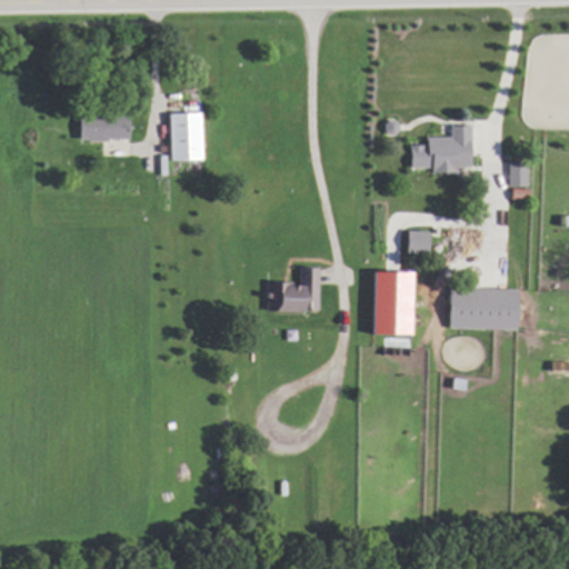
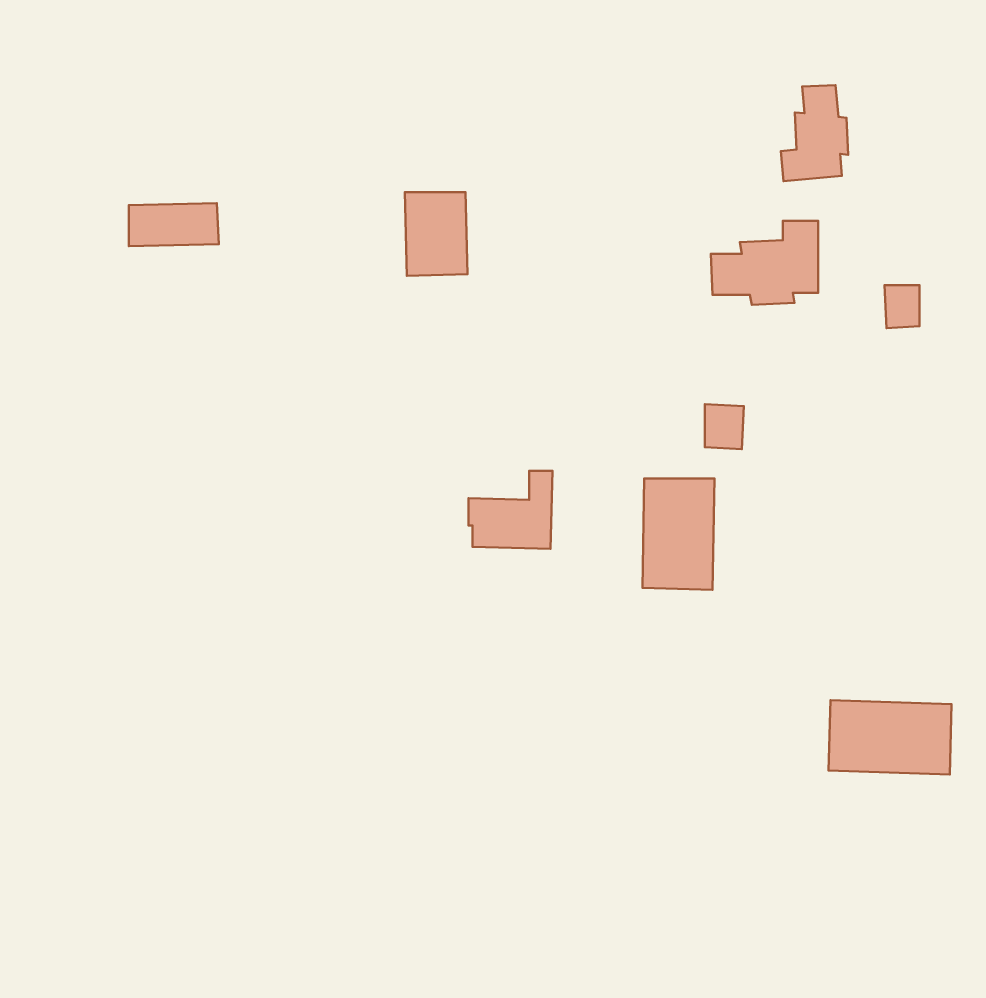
building: none -> [781,85,848,181]
building: [170,112,206,160] -> [405,192,467,276]
building: [449,288,519,330] -> [829,700,952,775]

